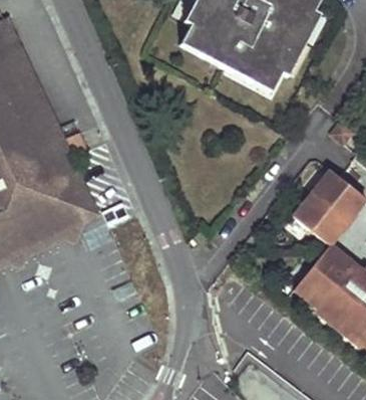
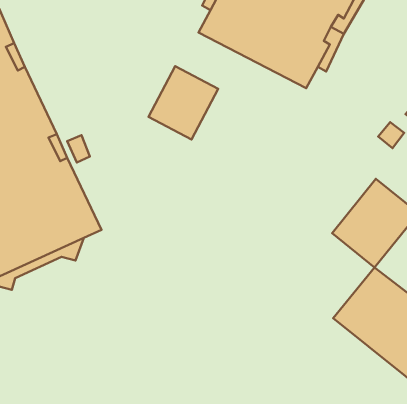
building: none -> [148,66,218,140]

